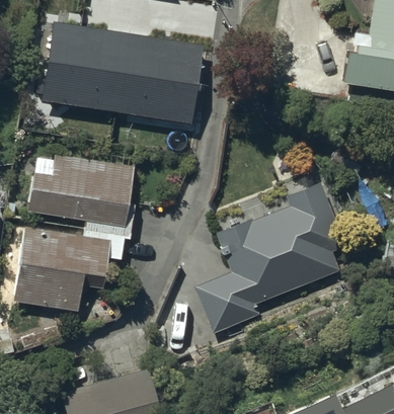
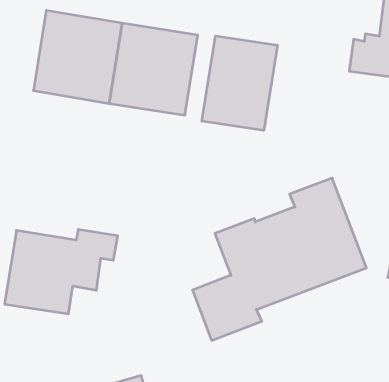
building: none -> [202,36,277,130]
building: [29,155,134,236] -> none

